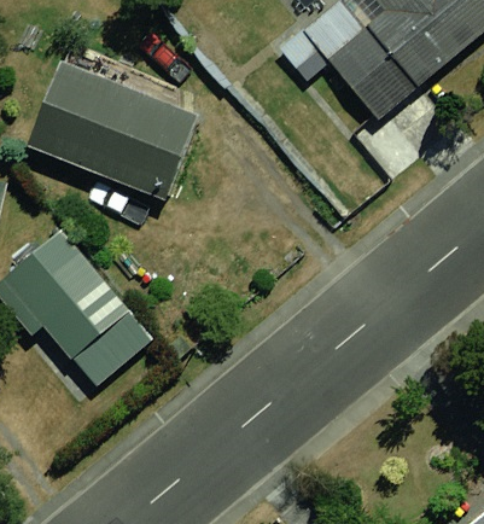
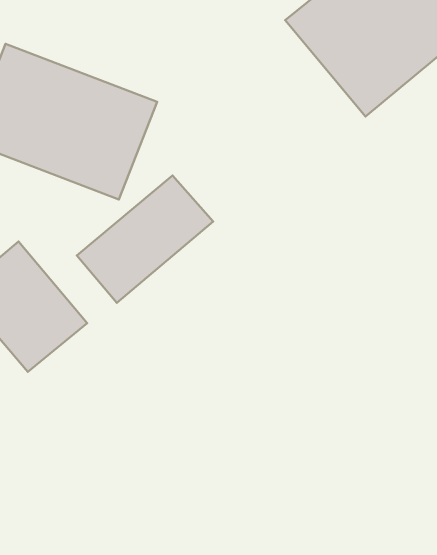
building: none -> [77,175,213,303]

